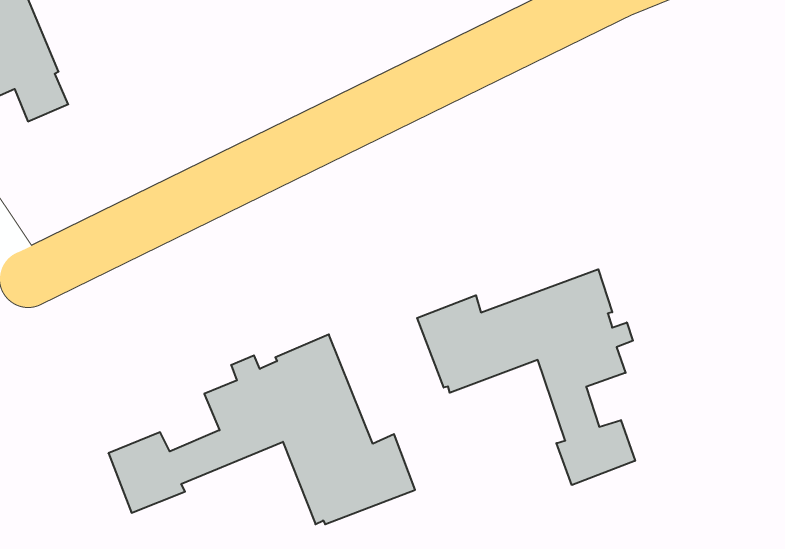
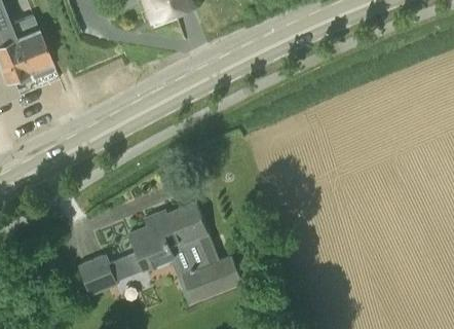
building: [417,269,635,485] -> none

